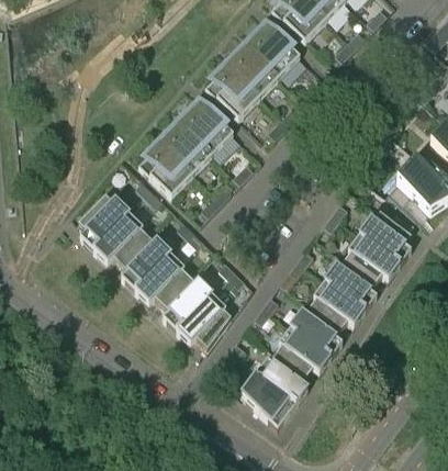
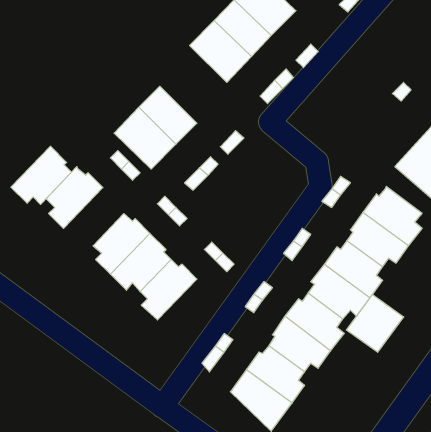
building: [179,99,233,154] -> none
building: [93,211,147,262] -> [11,146,72,204]
building: [177,292,232,348] -> none
building: none -> [346,295,404,352]

